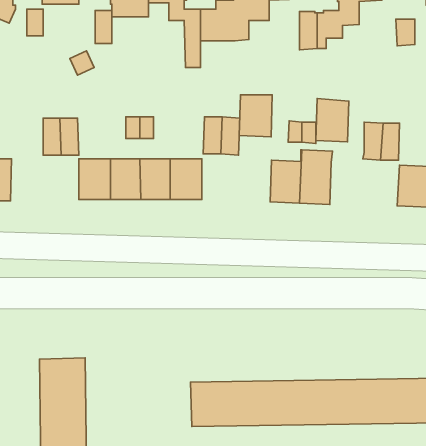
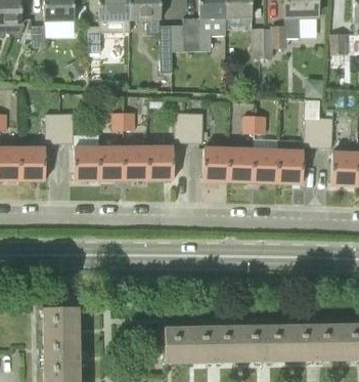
building: [239,95,272,137] -> [204,146,230,180]
building: [316,99,349,142] -> [277,148,304,183]
building: none -> [19,145,45,179]

